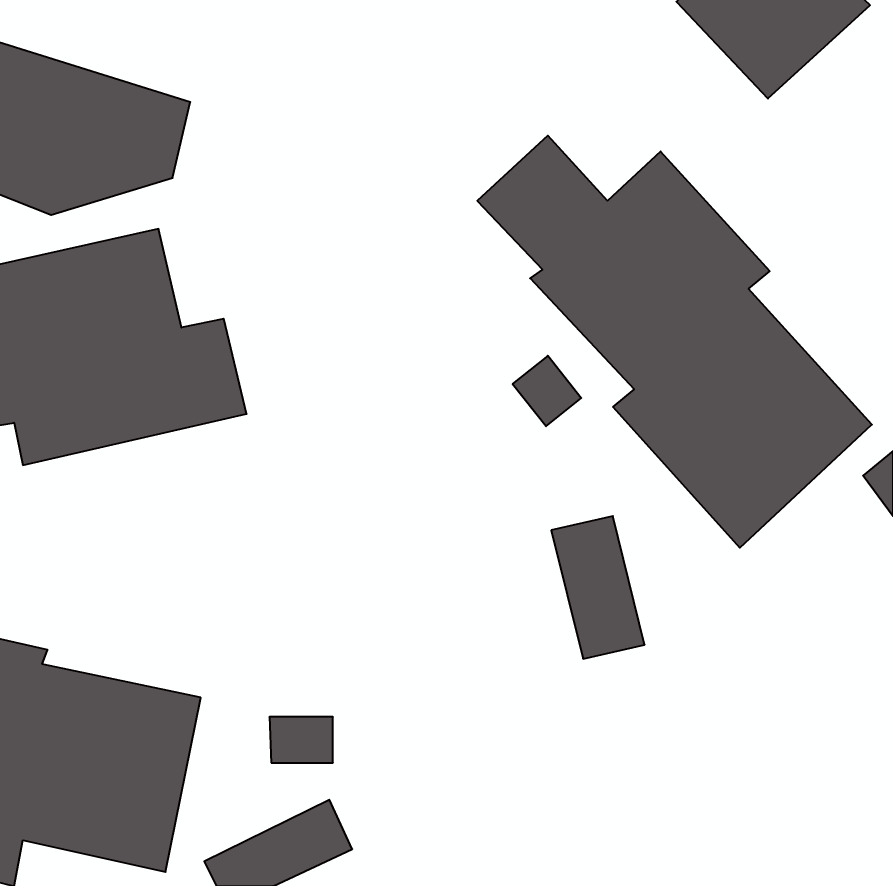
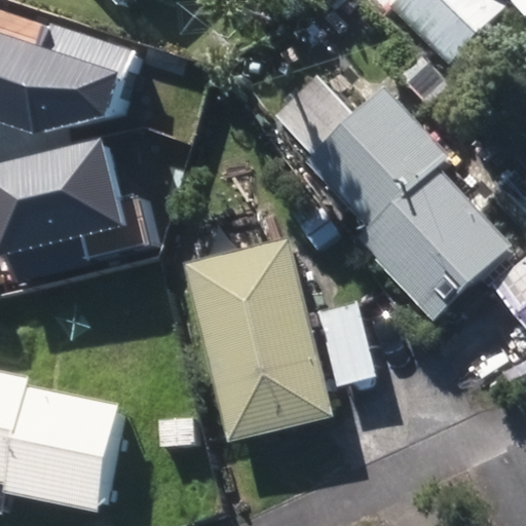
building: none -> [186,239,332,442]

